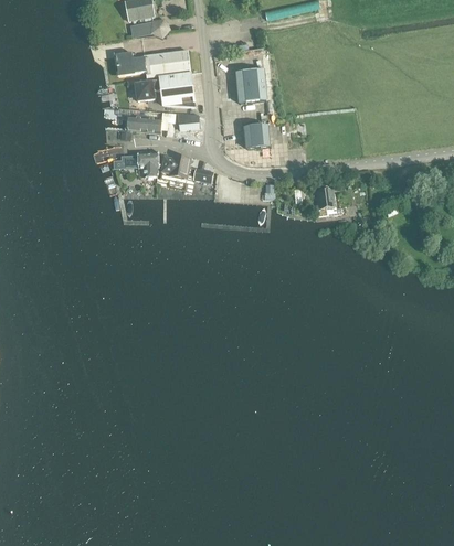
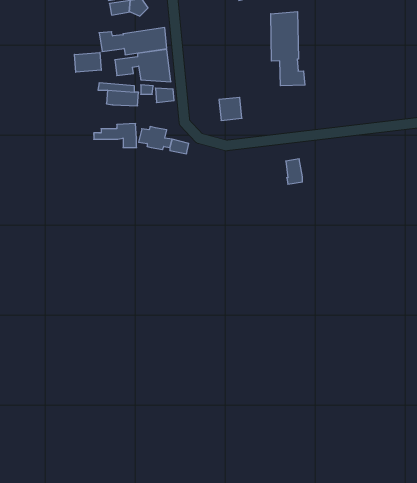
building: none -> [271,12,305,86]
building: [235,68,266,104] -> none
building: none -> [74,52,101,72]

